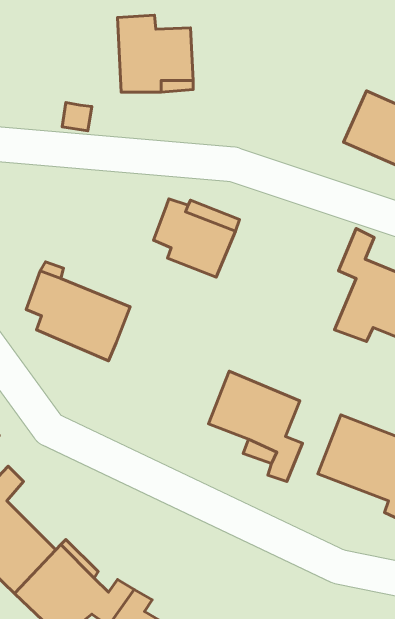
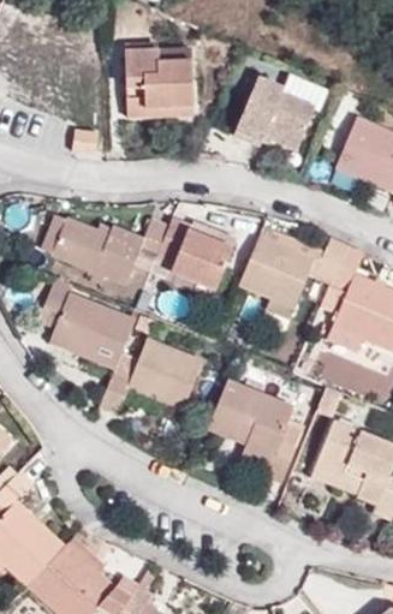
building: none -> [236,76,315,149]
building: none -> [42,214,169,284]
building: none -> [240,233,347,320]
building: none -> [101,336,203,413]

